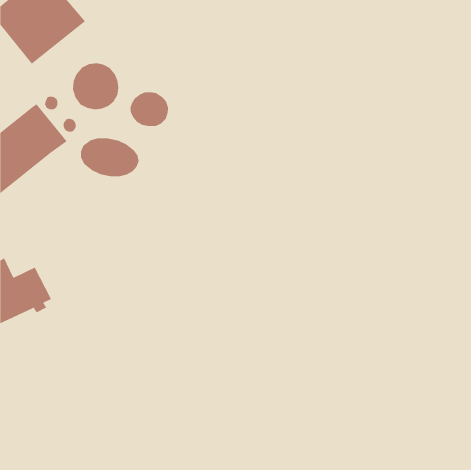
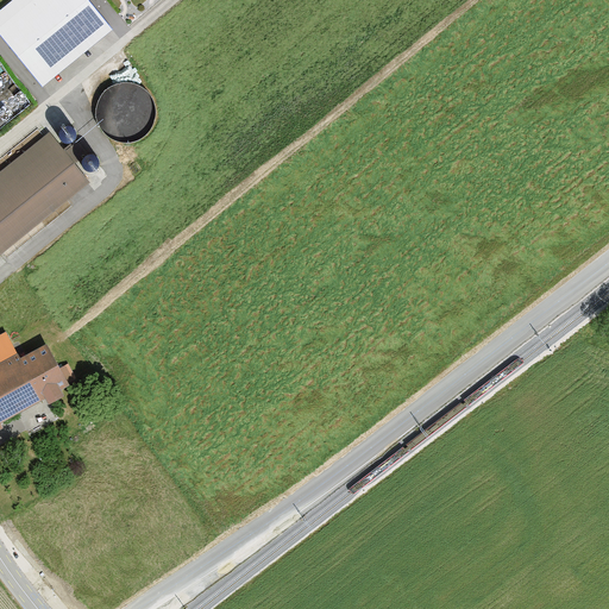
building: [130,91,169,127] -> none
building: [80,137,139,177] -> none

